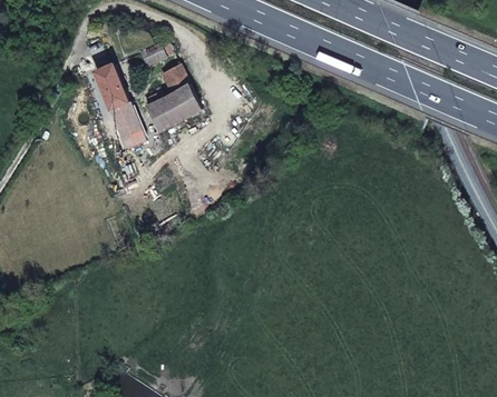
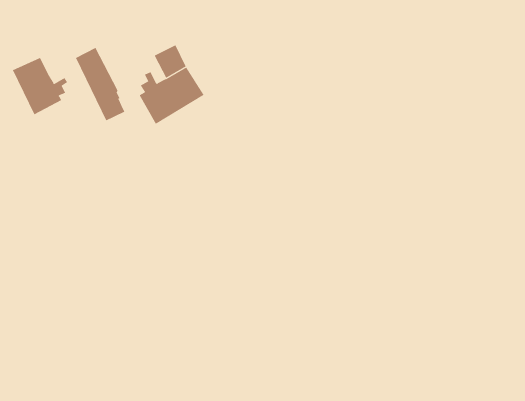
building: none -> [12,57,68,115]
building: [117,107,158,148] -> none

